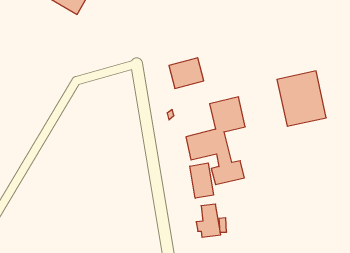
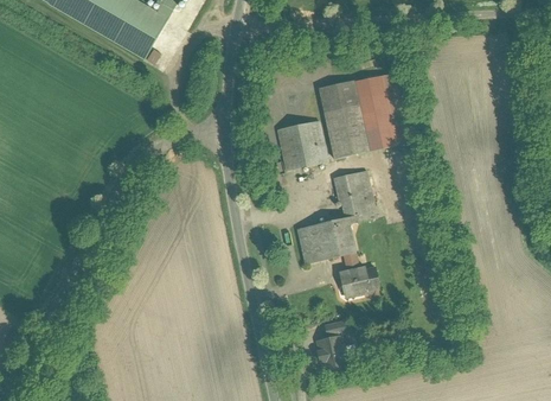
building: [277,71,326,126] -> [318,76,386,153]
building: [190,163,213,198] -> none

